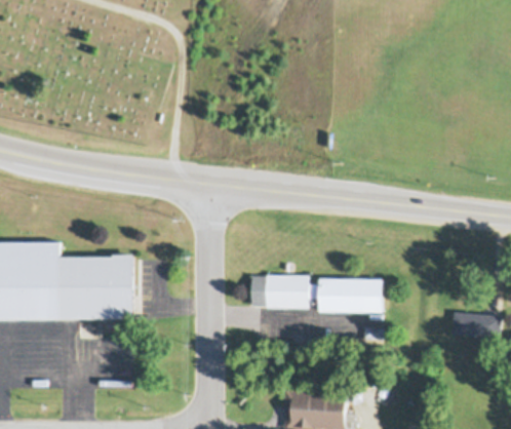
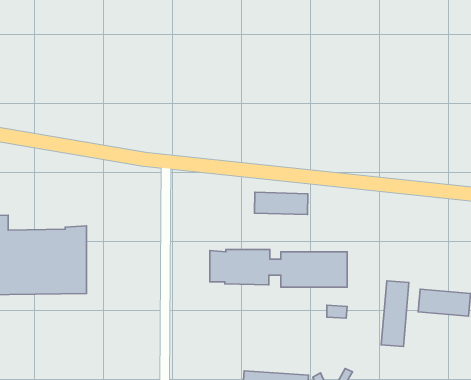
building: none -> [254,192,308,215]
building: none -> [381,281,409,347]

